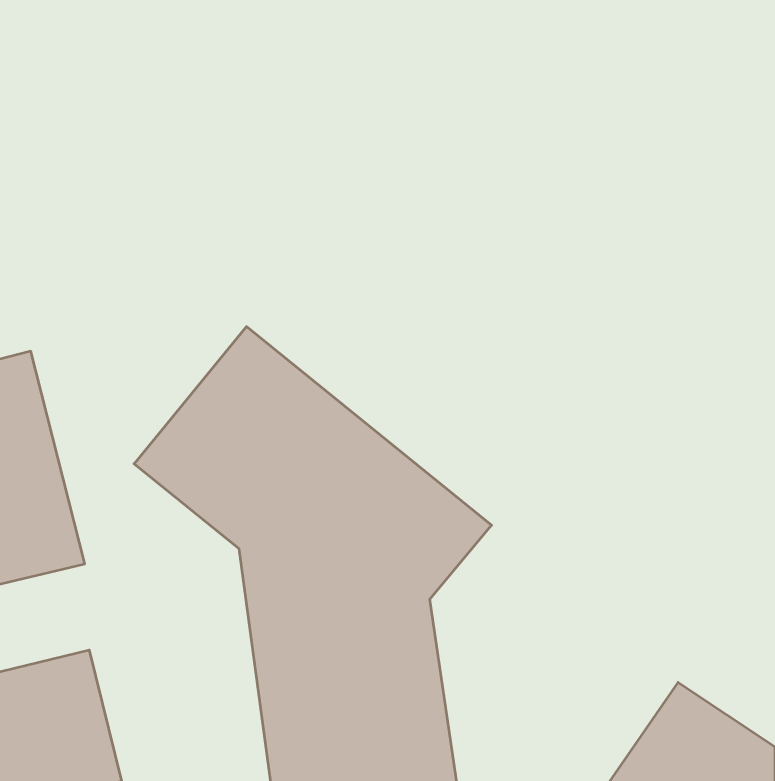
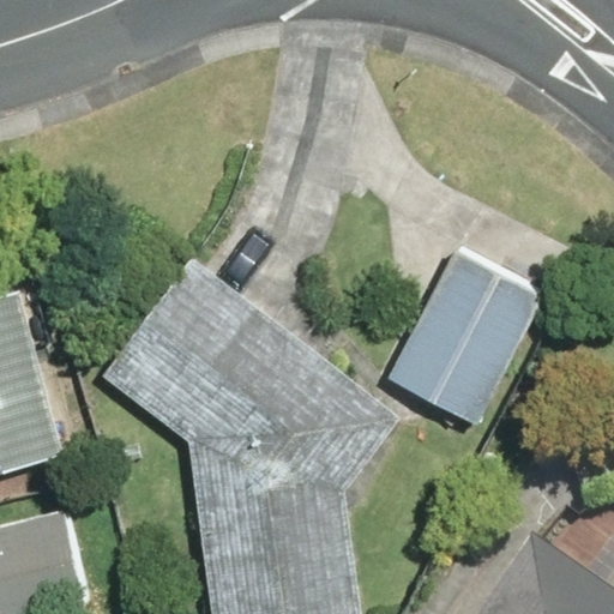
building: none -> [389,246,550,429]

